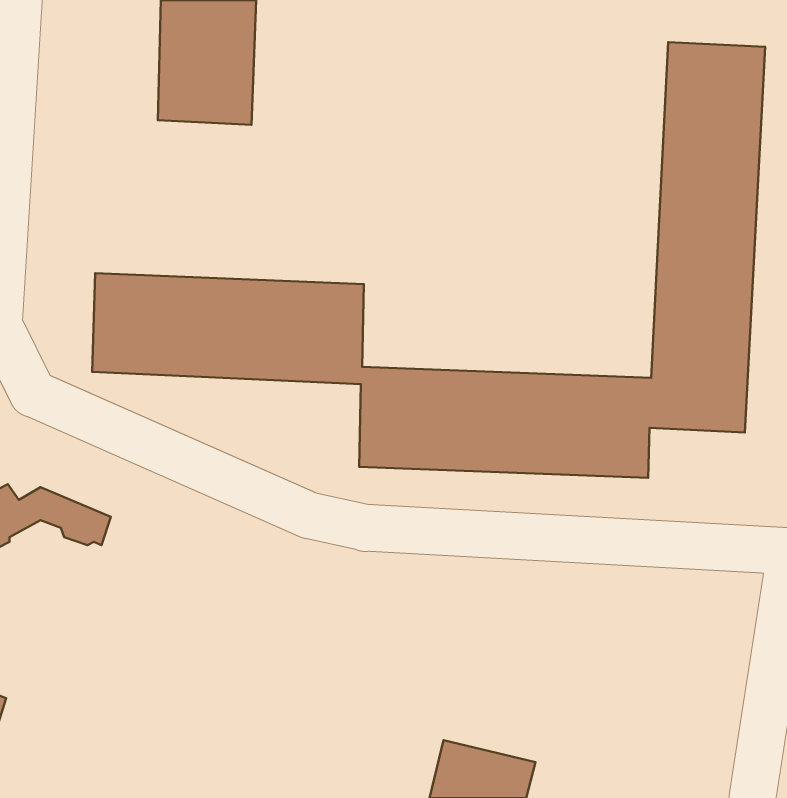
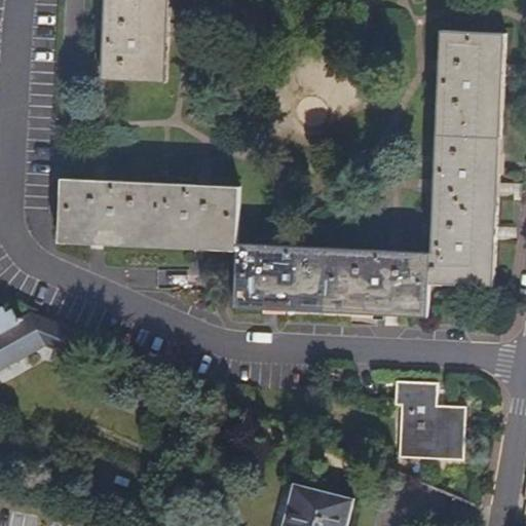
building: none -> [391,383,456,460]

